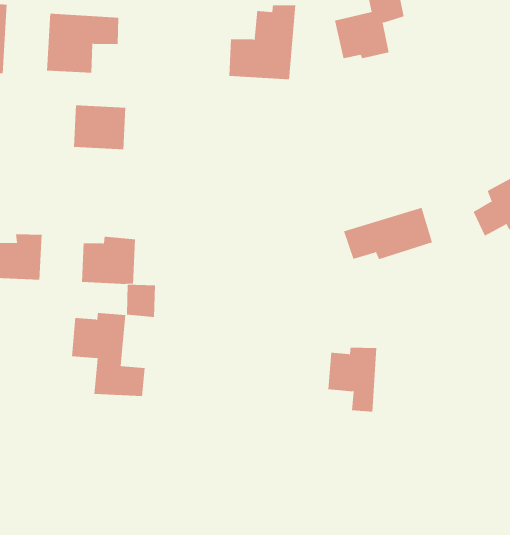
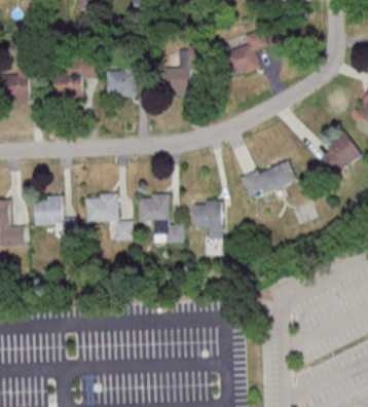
building: [73,105,126,150] -> [105,69,137,96]
building: [71,312,145,397] -> [138,193,183,243]
building: [327,347,377,412] -> [193,199,222,238]

